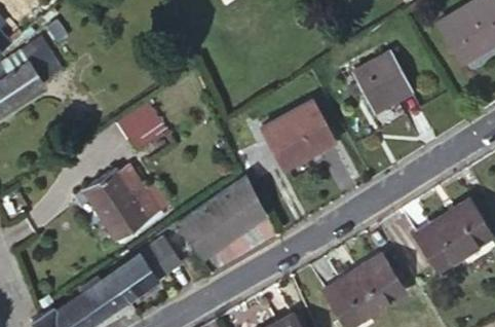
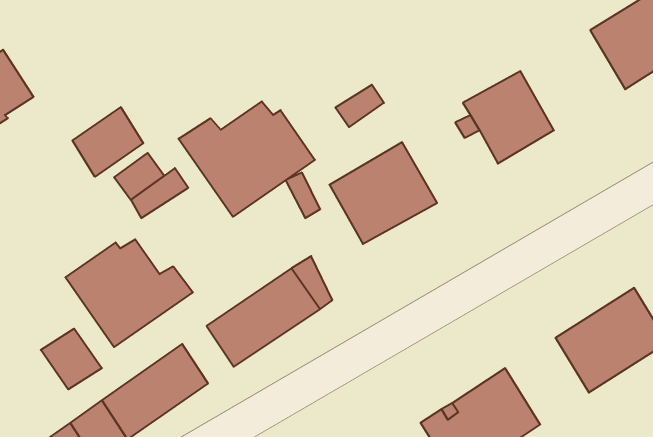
building: none -> [178,101,315,217]
building: none -> [72,107,143,177]
building: none -> [41,329,102,389]

